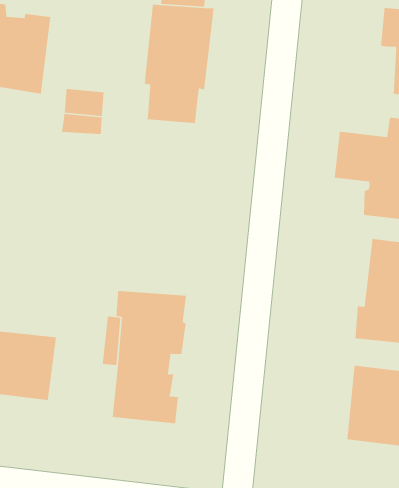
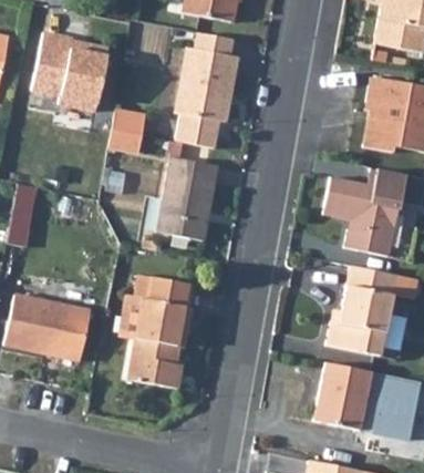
building: none -> [157,161,219,246]

